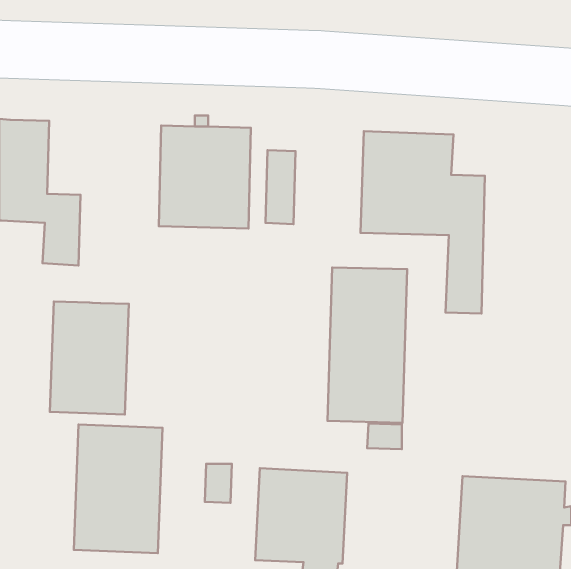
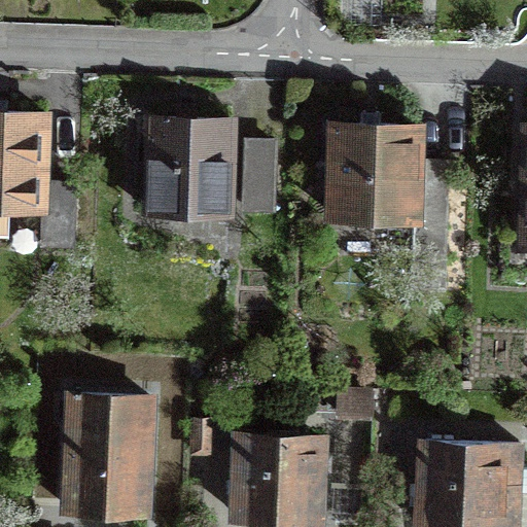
building: [327,267,407,423] -> none
building: [50,301,129,414] -> none

